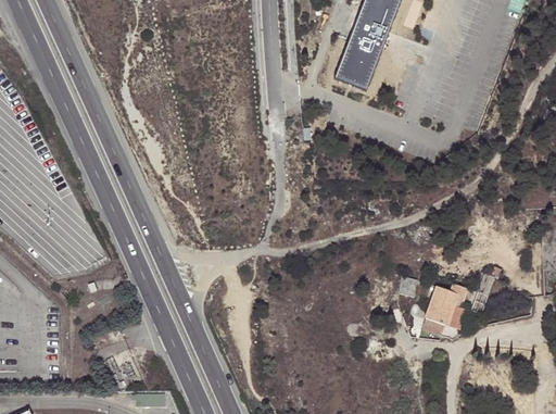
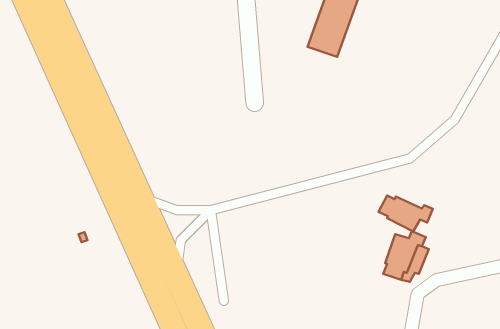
building: none -> [378,196,433,232]

